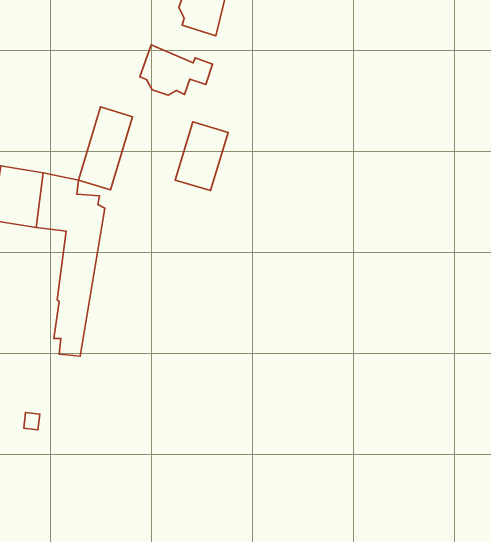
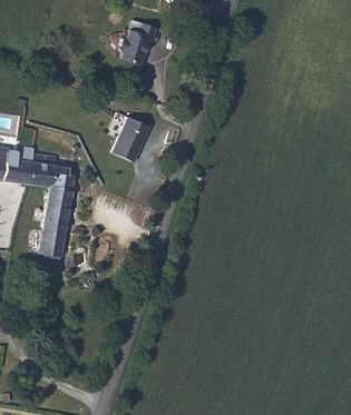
building: [140,45,213,95] -> none
building: [78,107,132,190] -> none

